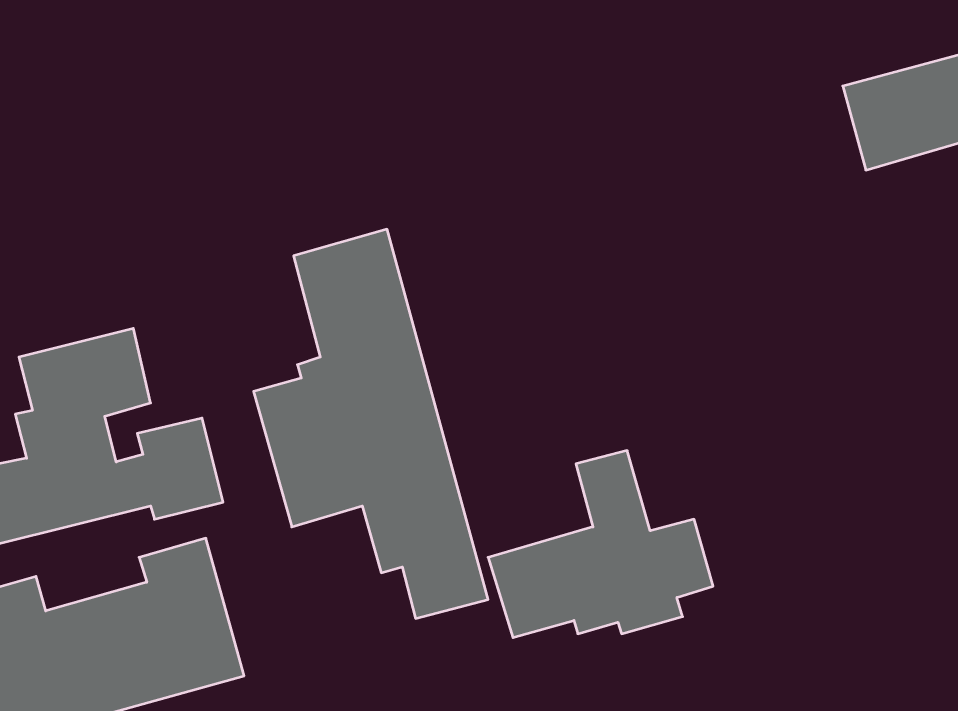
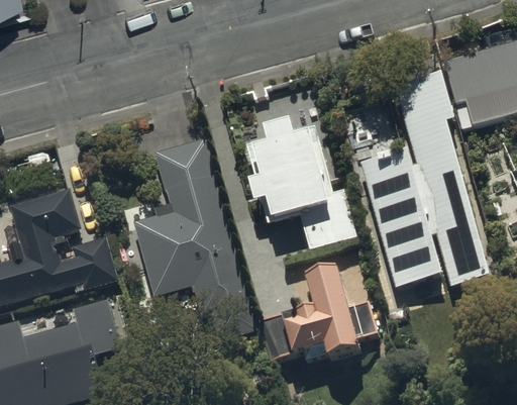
building: none -> [395,75,492,291]
building: none -> [244,107,356,243]
building: none -> [361,153,442,294]

